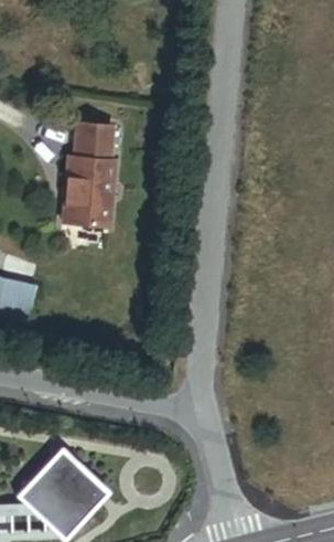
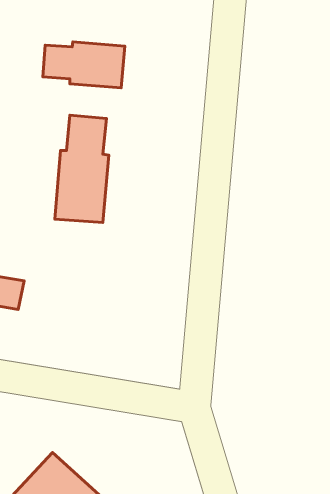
building: none -> [43,42,125,88]

